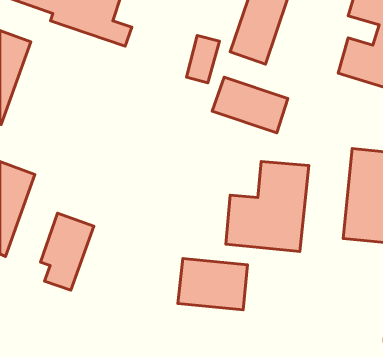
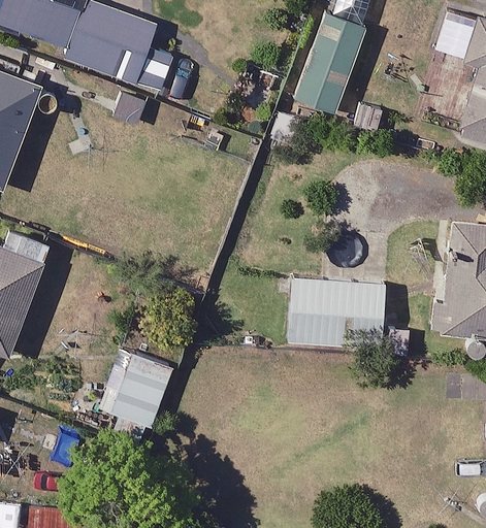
building: [212,77,288,133] -> none
building: [40,213,94,290] -> [108,352,175,449]
building: [178,259,247,310] -> none

